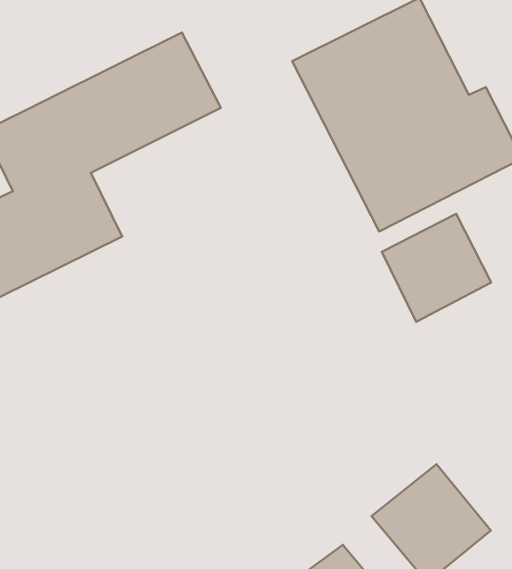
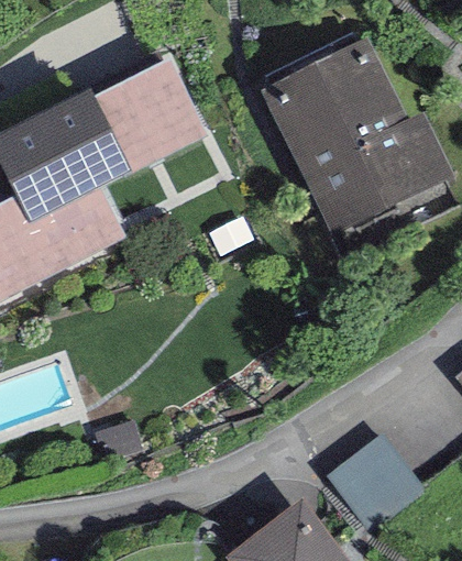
building: [382,214,491,322] -> none

